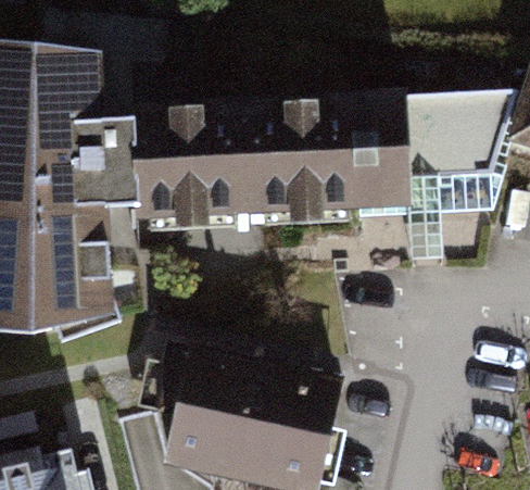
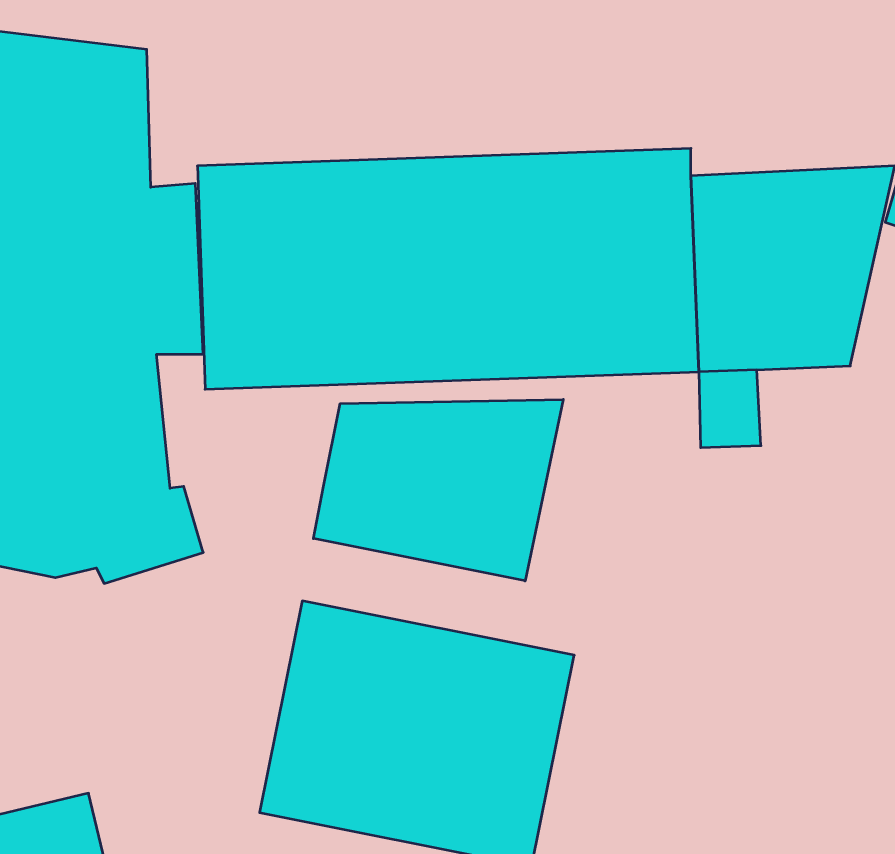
building: none -> [313,399,563,581]

